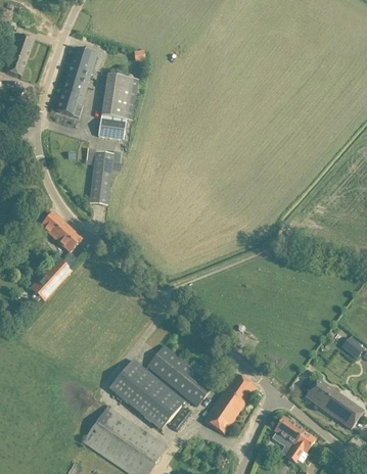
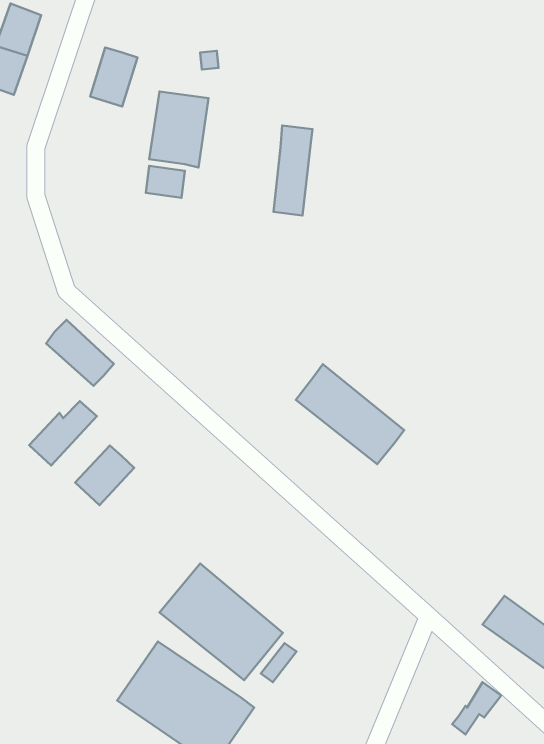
building: [57,77,87,114] -> none
building: [90,150,113,204] -> [274,126,313,215]
building: none -> [75,445,134,505]
building: [148,344,214,405] -> [296,364,404,464]
building: [203,374,256,433] -> none
building: [271,416,305,451] -> none

